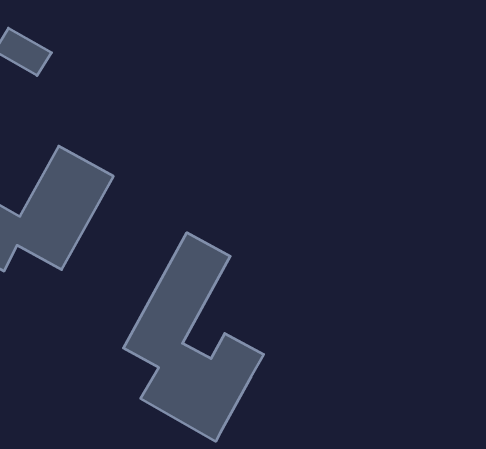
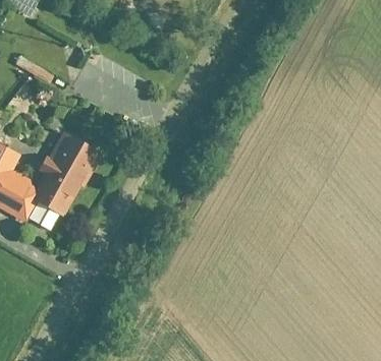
building: [123,233,264,441] -> none

